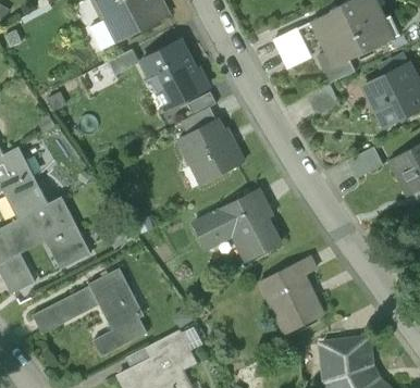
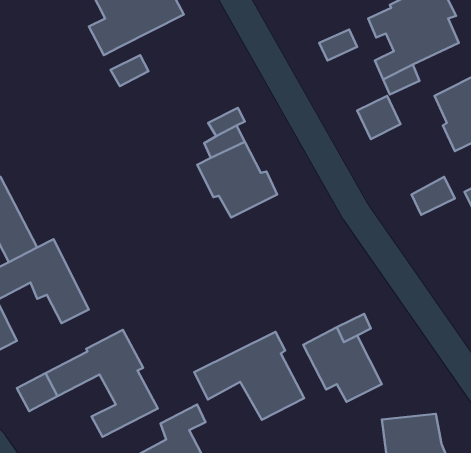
building: [141,41,207,109] -> none
building: [193,190,281,261] -> [194,332,304,420]

